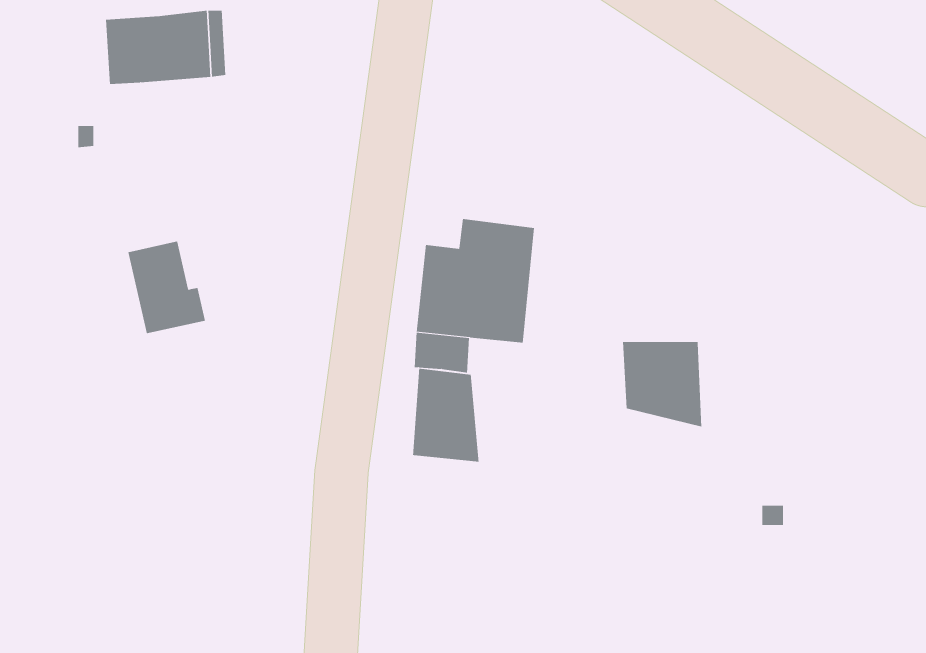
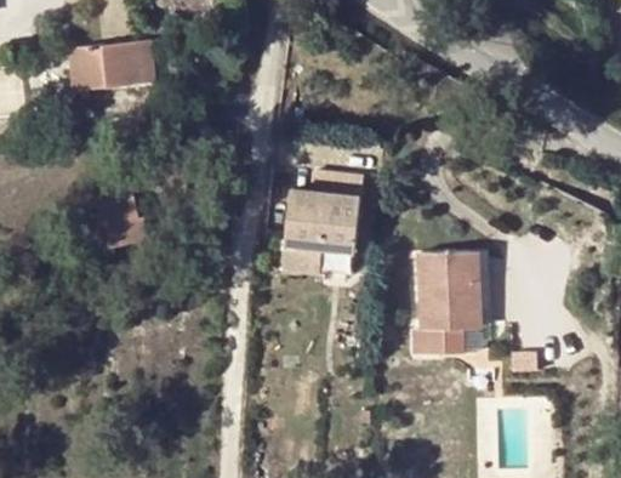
building: [412,368,479,463] -> none
building: none -> [420,298,471,360]

